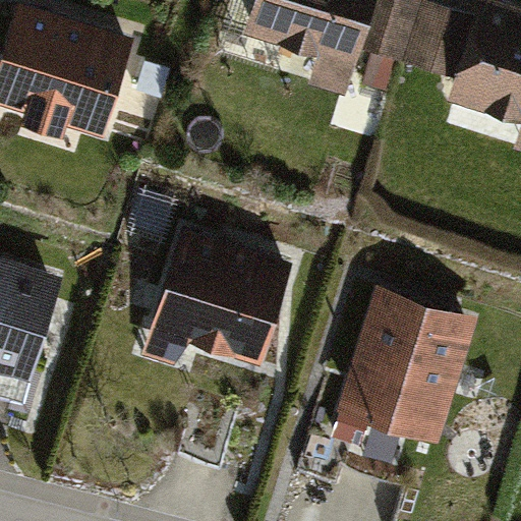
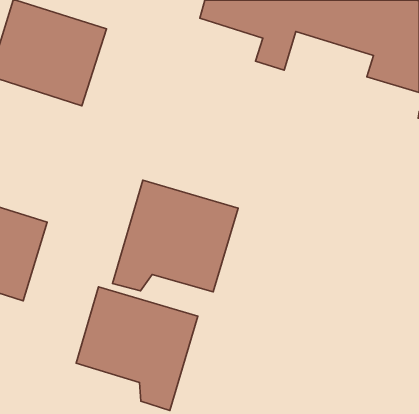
building: [339,286,477,440] -> none
building: none -> [76,287,198,410]

